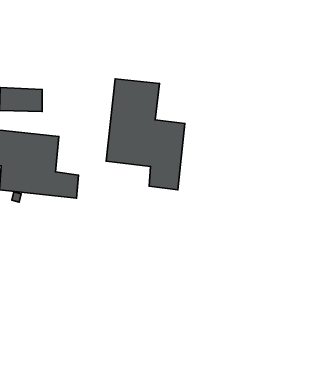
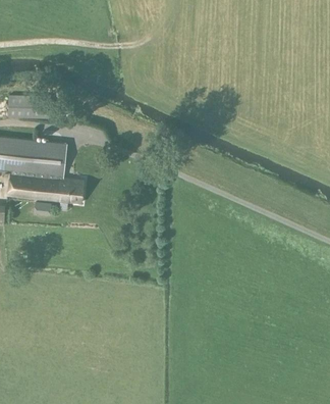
building: [106,79,185,190] -> none

